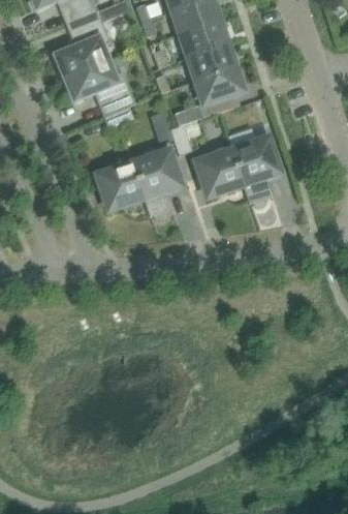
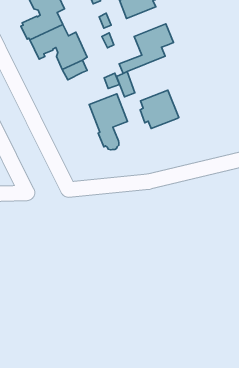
building: [187,42,234,78] -> none
building: [233,135,280,205] -> none
building: [98,159,146,207] -> none

